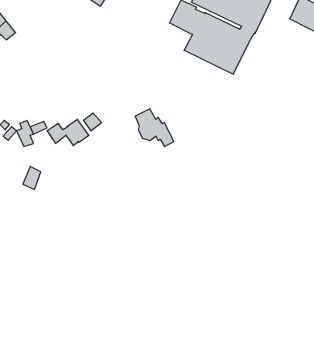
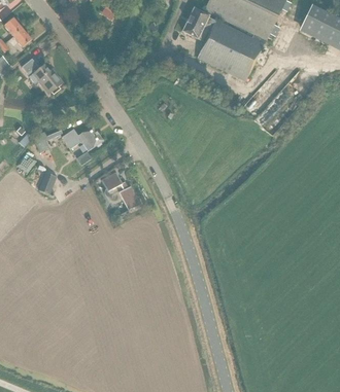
building: none -> [22,59,62,94]
building: [135,109,174,147] -> [101,173,139,210]

